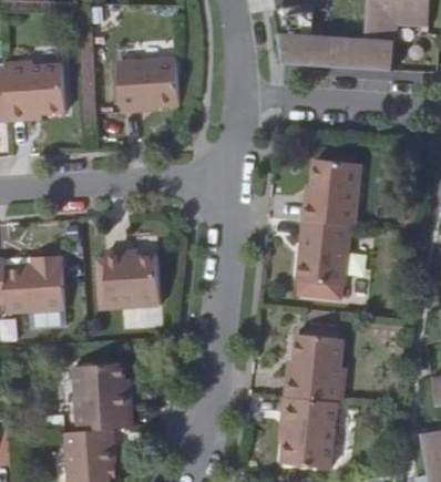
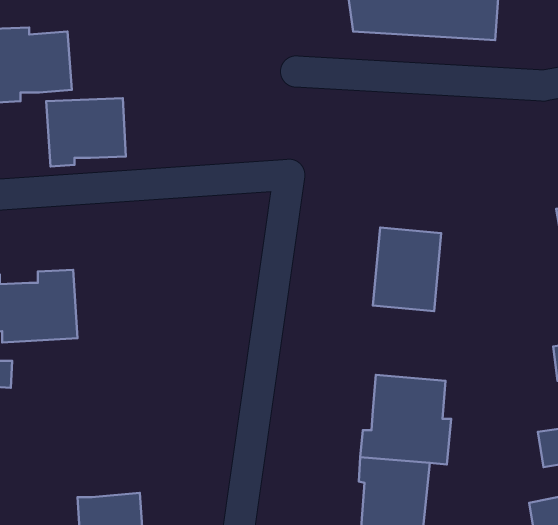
building: [113,60,175,113] -> [46,98,126,166]
building: [301,157,359,224] -> none
building: [95,248,161,305] -> none
building: [72,359,132,430] -> none

